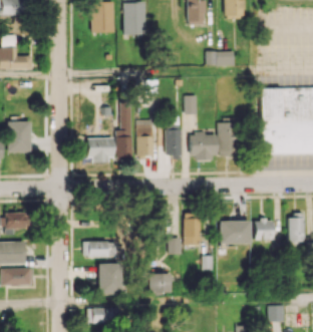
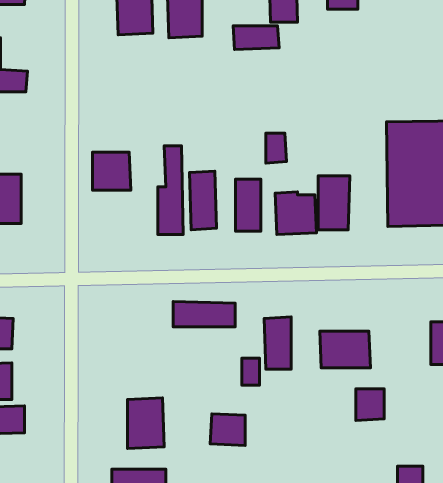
building: [207,51,236,66] -> [233,26,279,50]
building: [89,138,113,162] -> [93,152,131,190]
building: [256,220,274,240] -> [356,389,384,420]
building: [84,241,123,257] -> [173,302,235,327]

